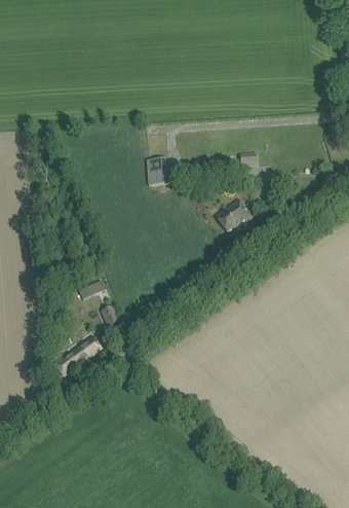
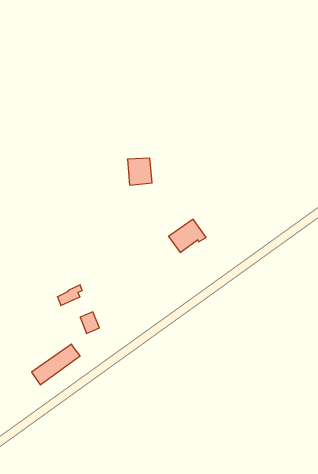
building: [217,198,253,230] -> [169,219,206,253]

